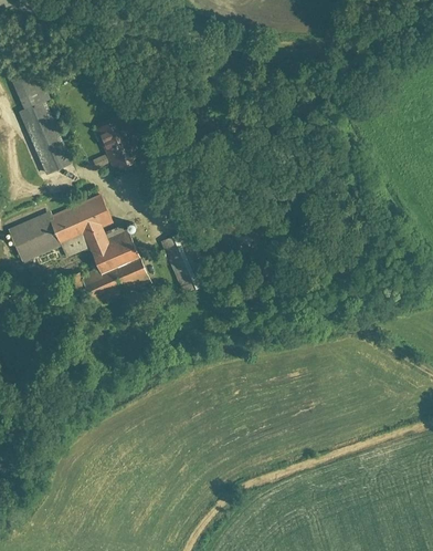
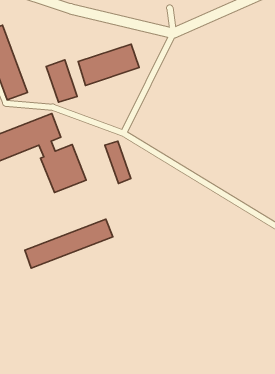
building: none -> [78,44,139,85]
building: none -> [25,219,113,268]

